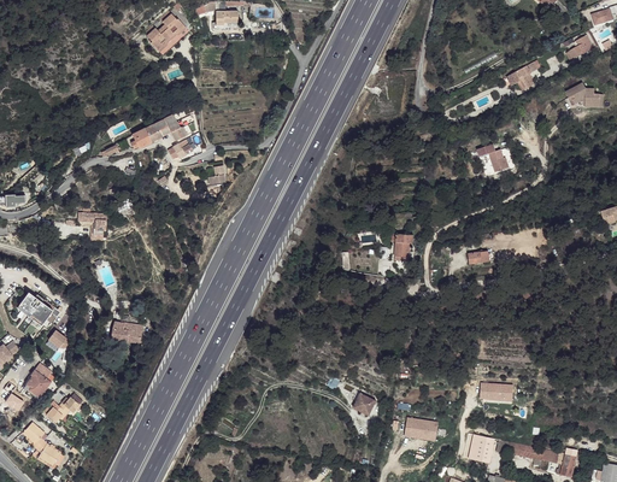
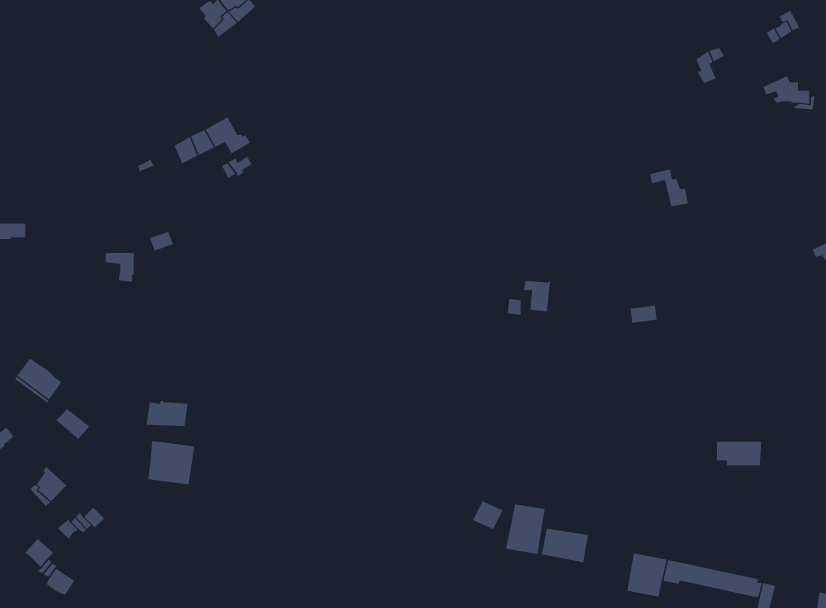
building: none -> [148,440,195,485]
building: [478,383,512,401] -> [716,441,762,466]
building: none -> [506,503,545,555]

